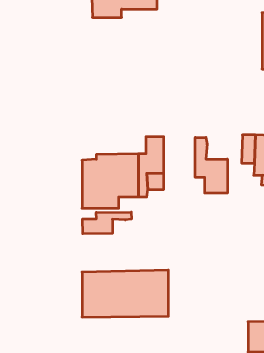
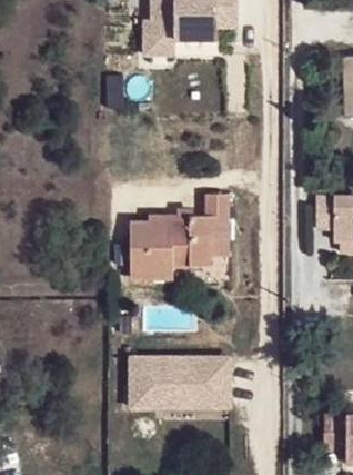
building: [195,137,227,193] -> none
building: [83,212,131,234] -> none

